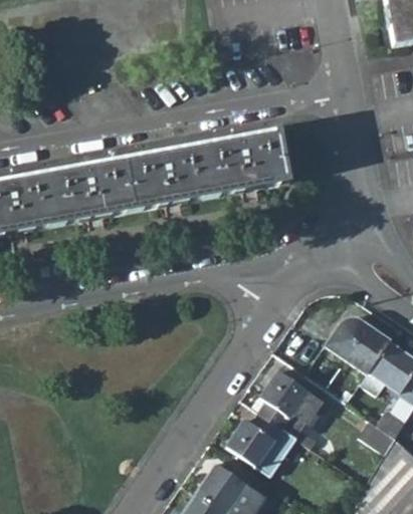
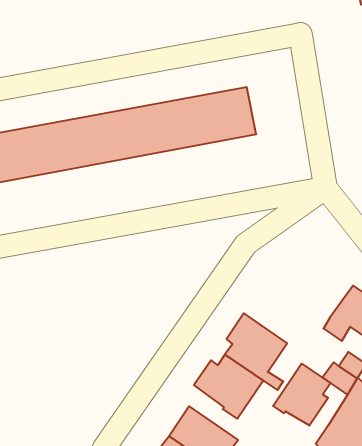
building: [326,314,390,371] -> none
building: none -> [273,364,331,426]

